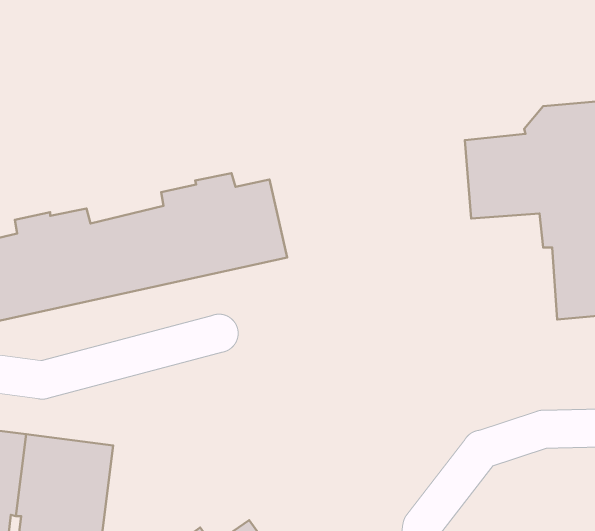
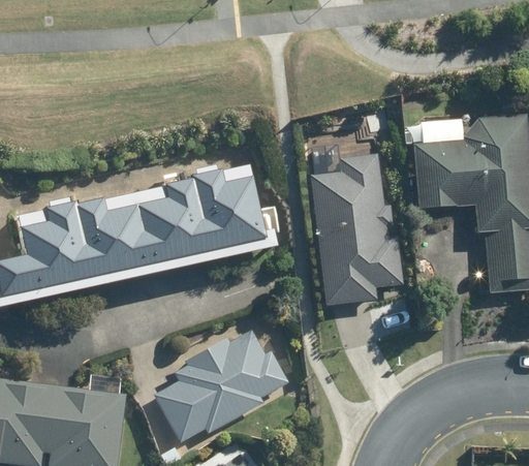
building: none -> [310,148,400,306]
building: none -> [153,330,288,443]

